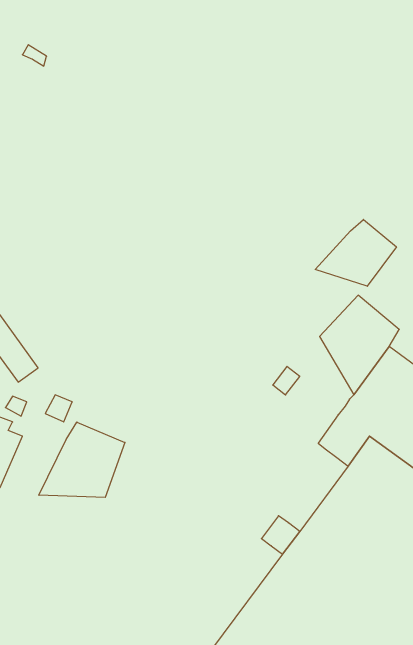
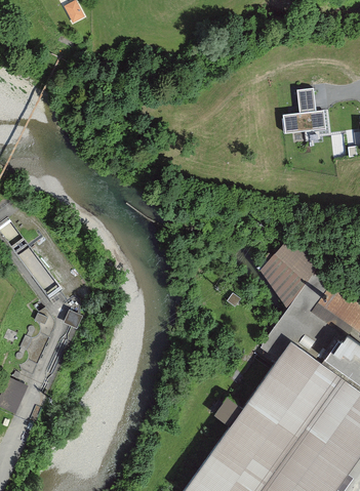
building: none -> [282,91,325,130]
building: [315,219,396,286] -> none
building: [39,422,125,497] -> none

